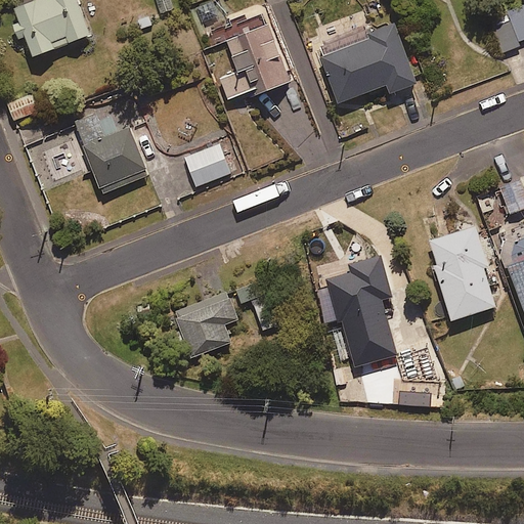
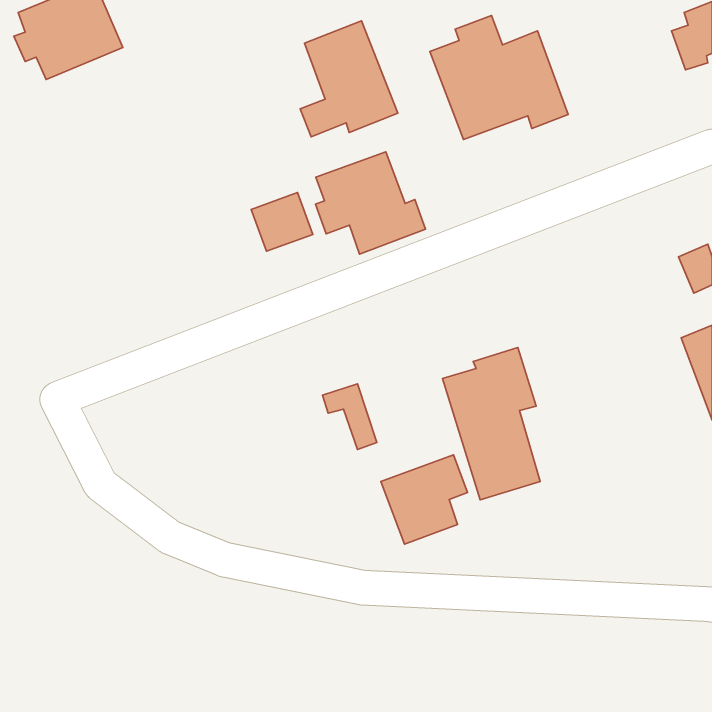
building: none -> [316,152,425,254]
building: [74,113,148,193] -> none
building: [427,227,496,321] -> none
building: [175,292,238,357] -> [381,455,467,544]

